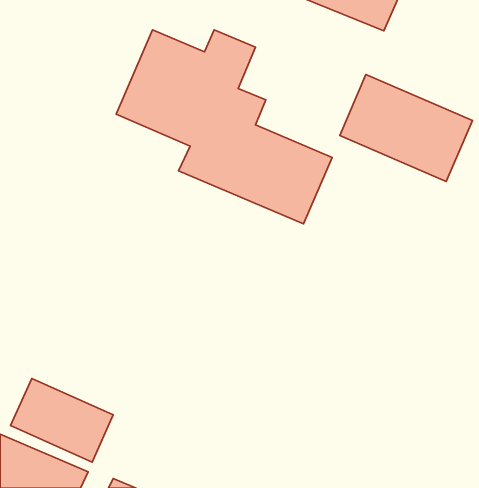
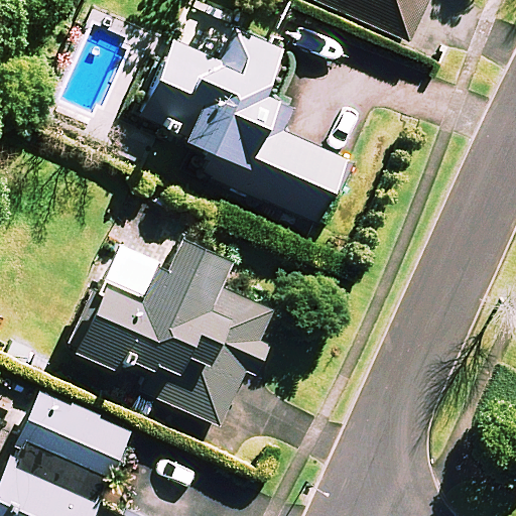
building: [340,75,472,181] -> none
building: none -> [84,222,283,402]

